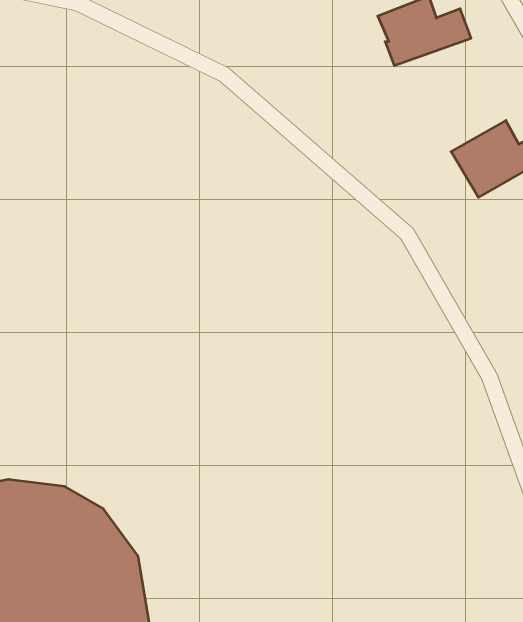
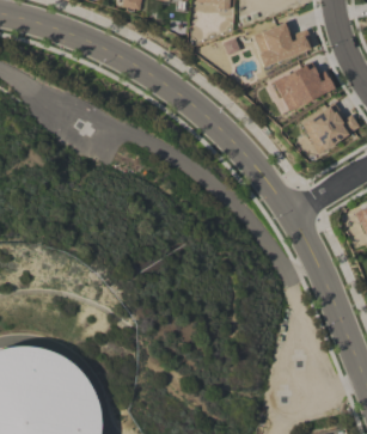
building: none -> [273,62,334,112]

